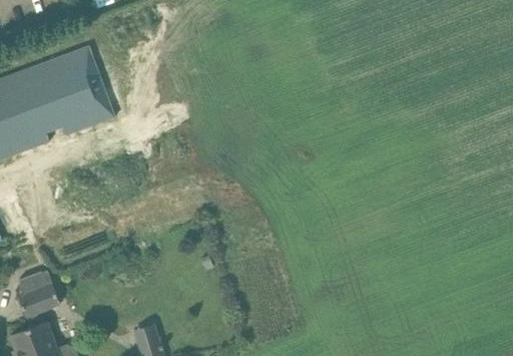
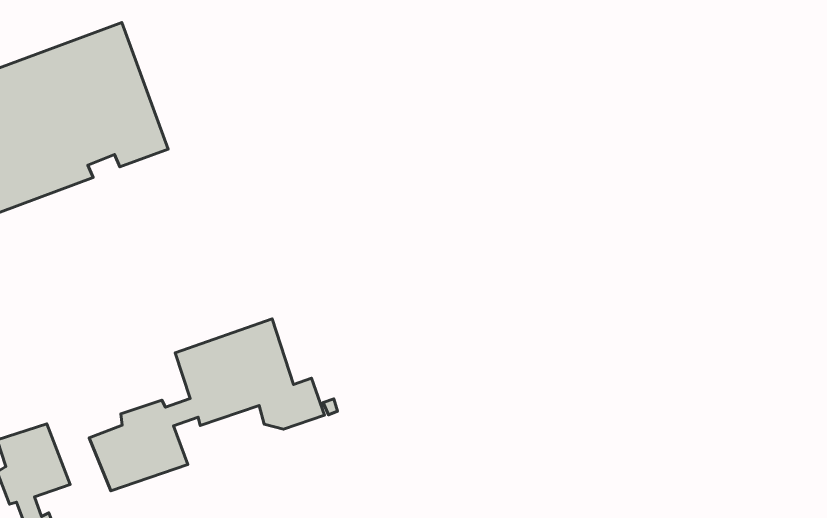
building: none -> [89,319,325,491]

